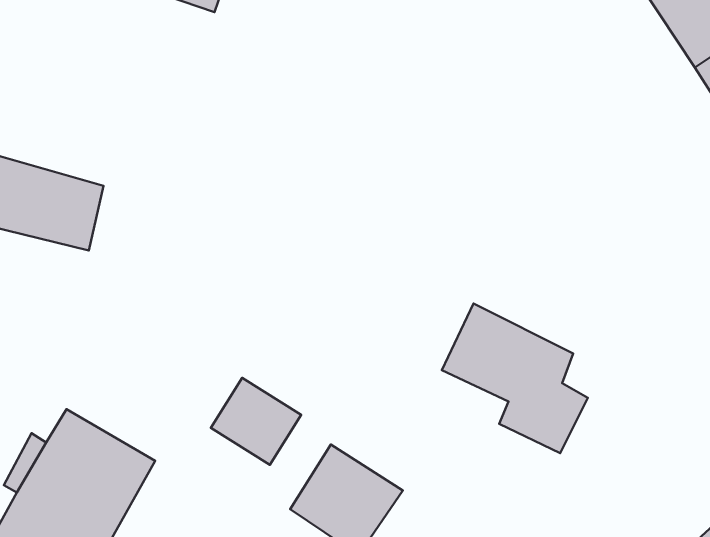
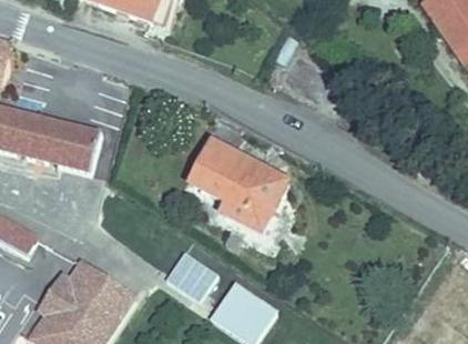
building: [442,304,588,453] -> [190,140,277,230]

